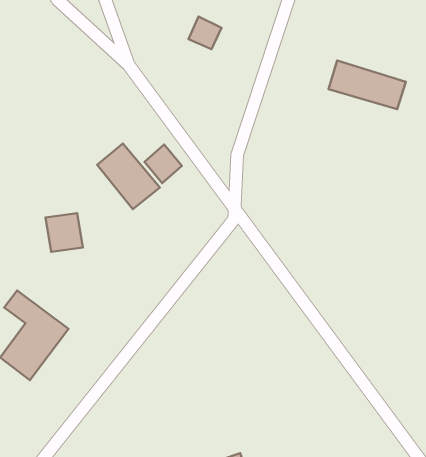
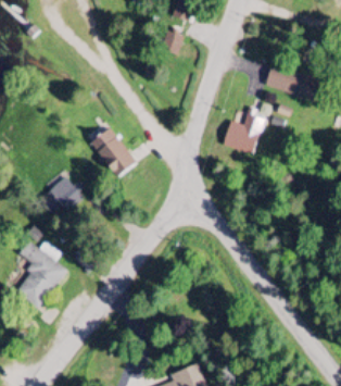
building: none -> [223,109,267,154]
building: [145,144,182,183] -> none

